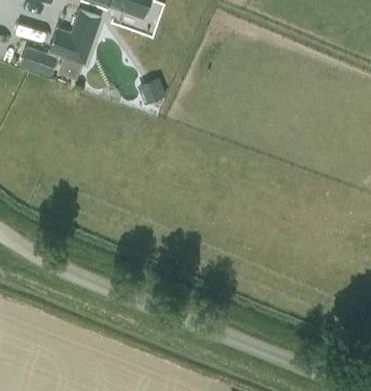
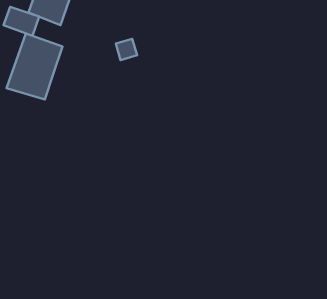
building: none -> [7,33,62,99]

